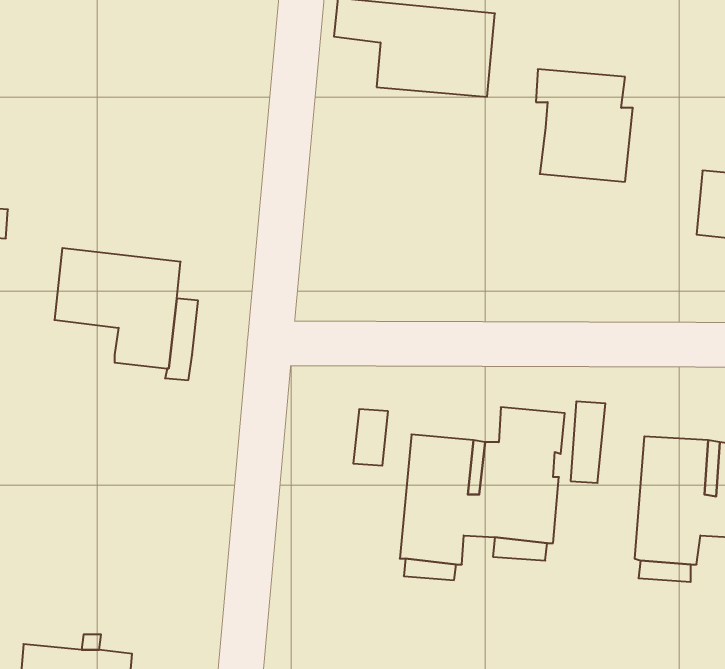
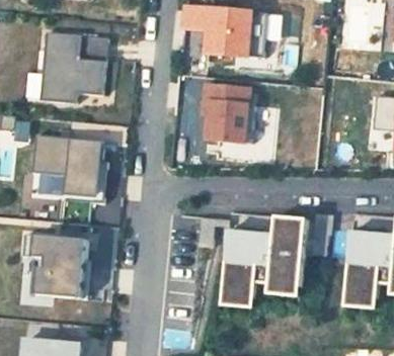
building: none -> [45,31,113,102]
building: [536,69,633,182] -> [204,83,254,142]
building: none -> [26,234,91,299]

